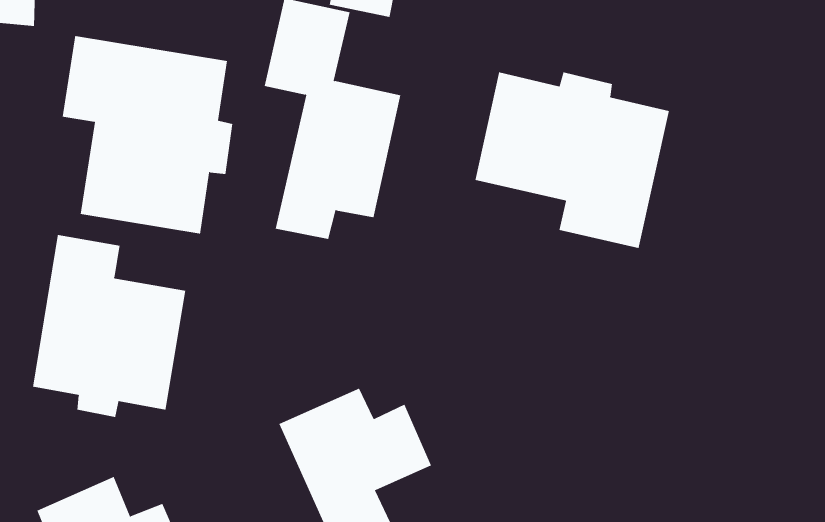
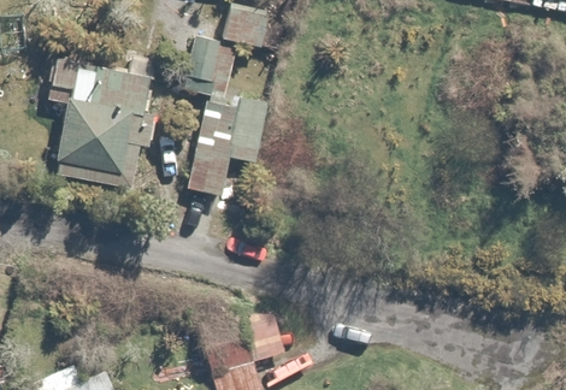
building: [475,71,669,249] -> none
building: [32,234,186,418] -> none

